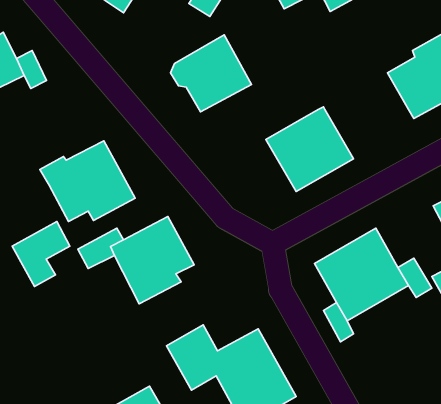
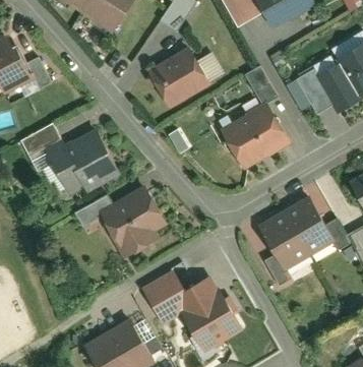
building: none -> [244,66,278,105]
building: none -> [296,70,331,114]
building: [12,221,70,287] -> [18,122,63,173]

